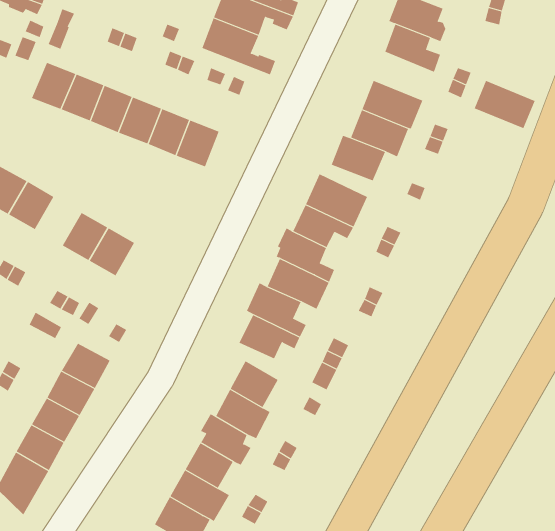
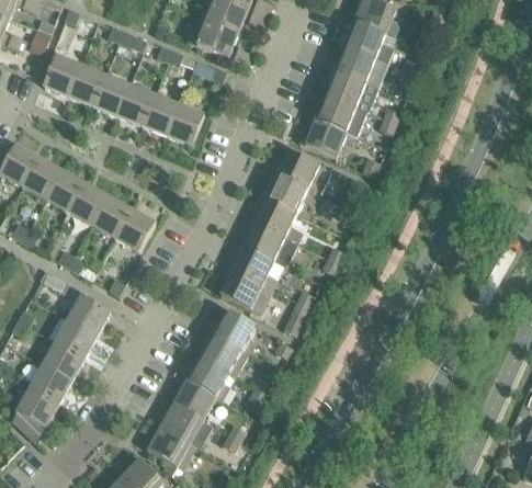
building: [474,80,535,129] -> [336,45,388,87]
building: none -> [46,169,86,211]
building: none -> [115,208,155,250]

